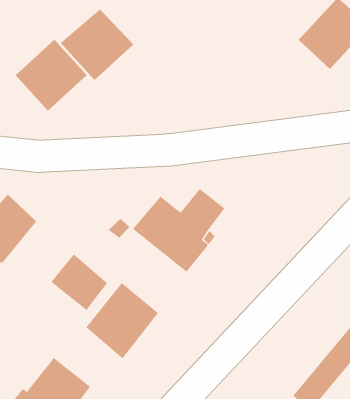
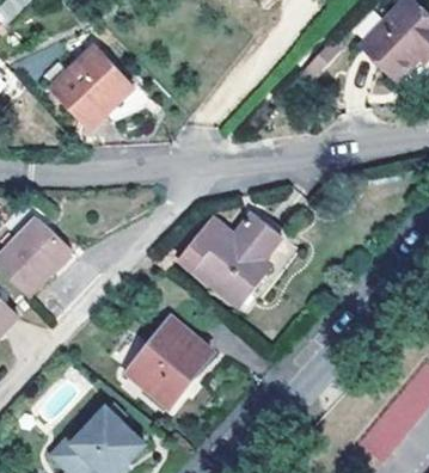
building: [60,9,134,81] -> none
building: [51,254,108,311] -> none

